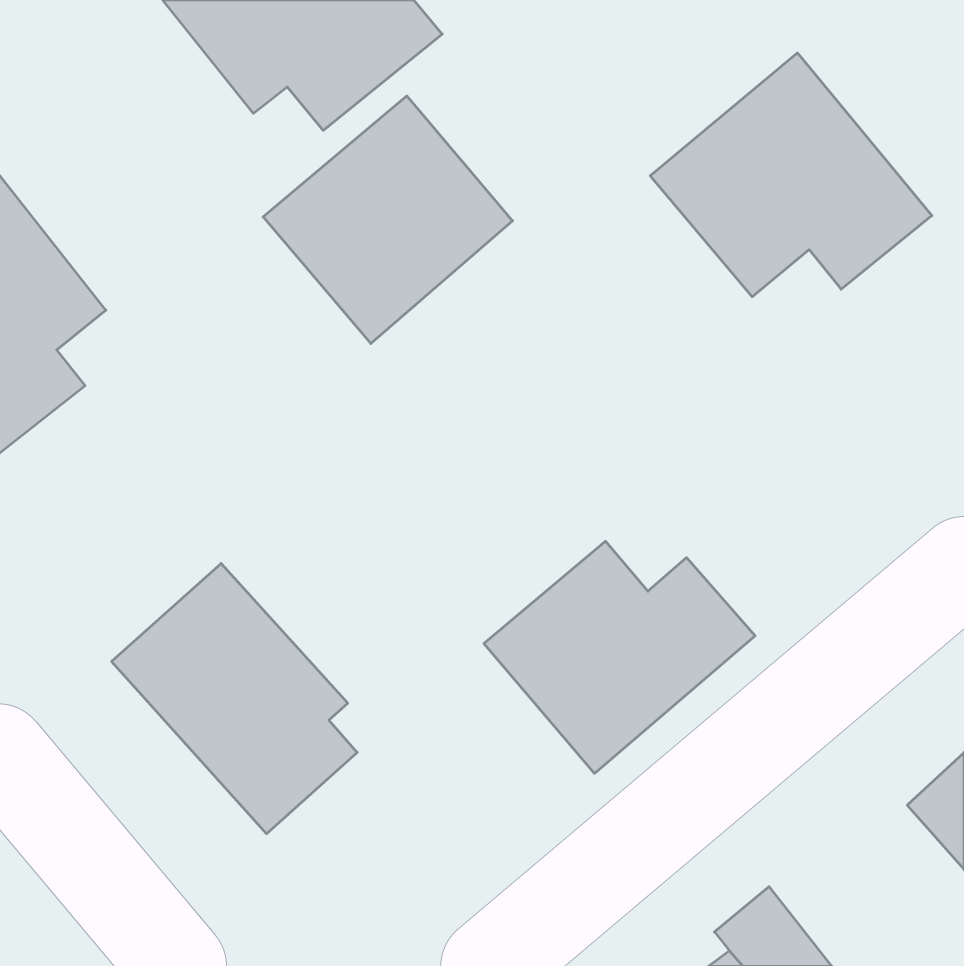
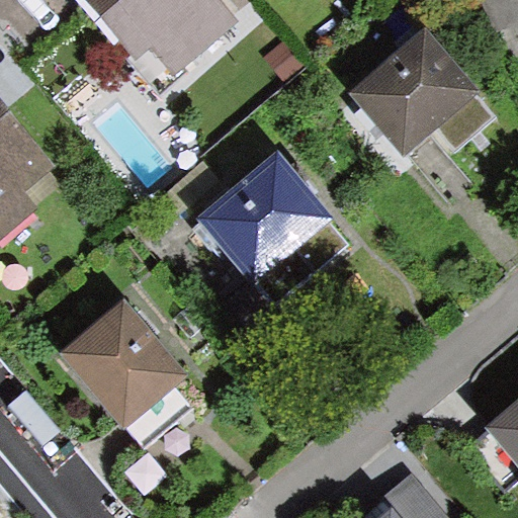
building: [263,96,513,344] -> [196,149,330,281]
building: [484,541,755,773] -> none

